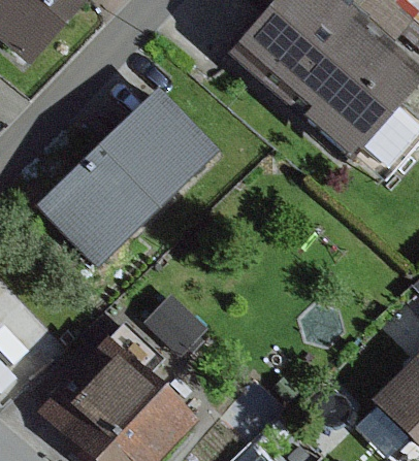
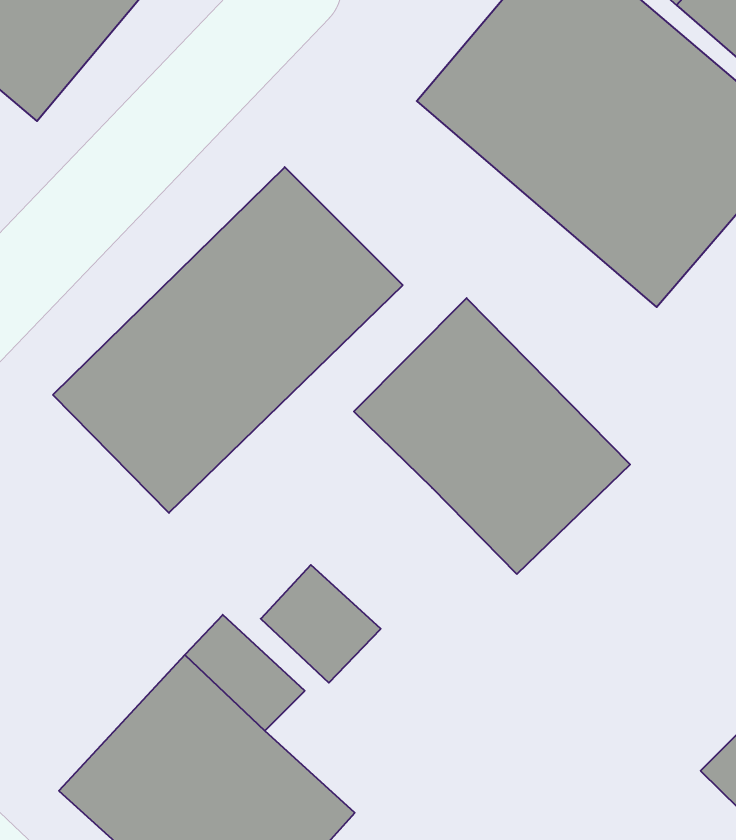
building: none -> [354,298,630,574]

